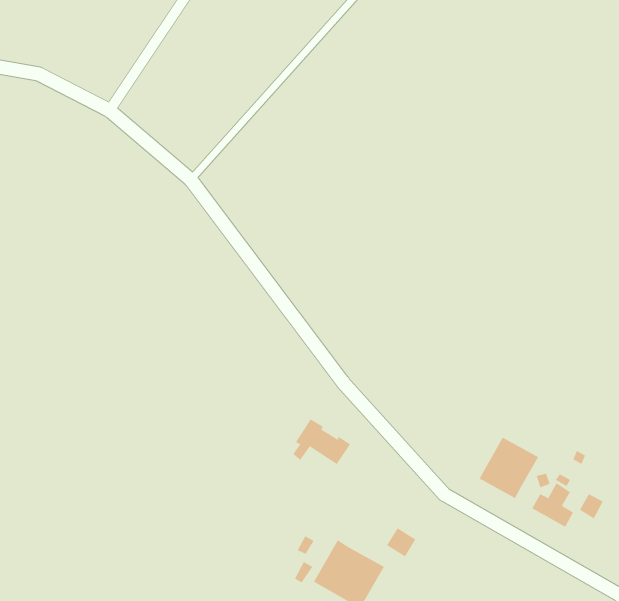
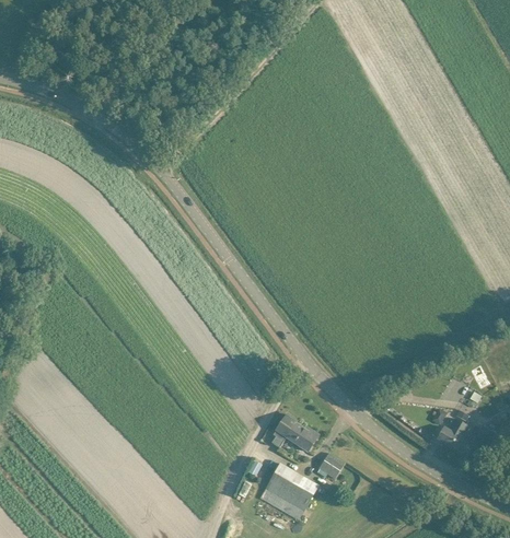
building: [292,419,351,465] -> [270,414,317,452]
building: [479,437,539,499] -> none

